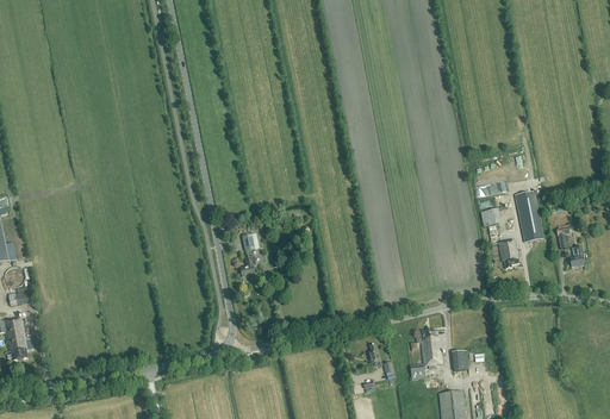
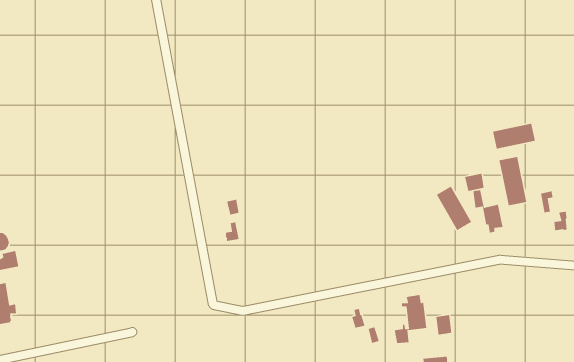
building: none -> [492,123,536,149]
building: none -> [436,185,472,231]

